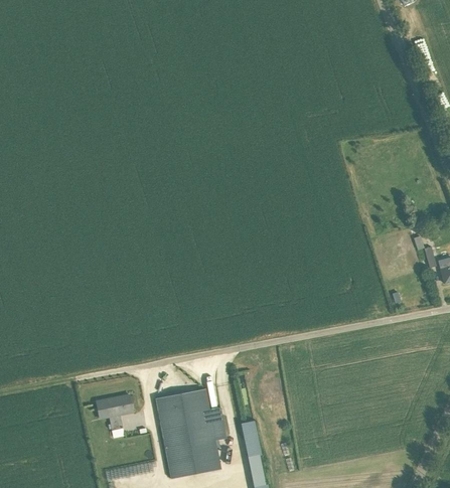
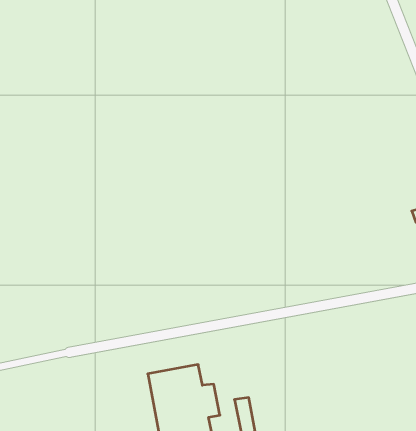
building: [97,394,133,438] -> none

